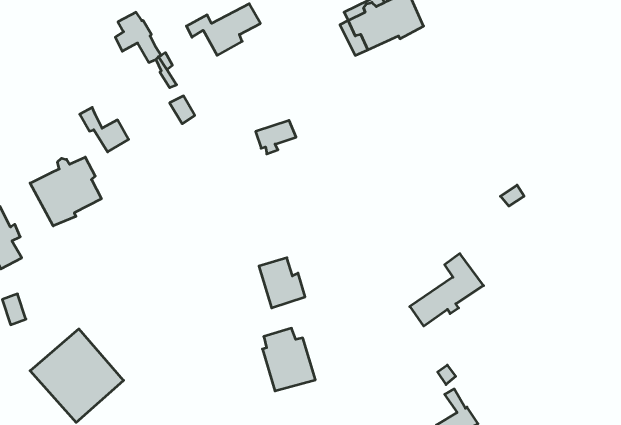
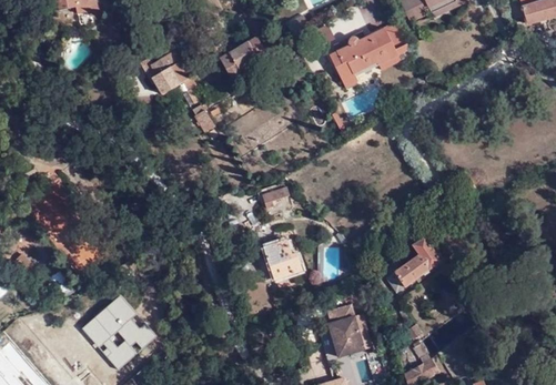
building: [80,107,129,152] -> [138,58,176,93]
building: [256,120,296,154] -> [256,182,289,209]
building: [30,157,101,226] -> none
building: [262,328,315,391] -> [327,306,370,356]

